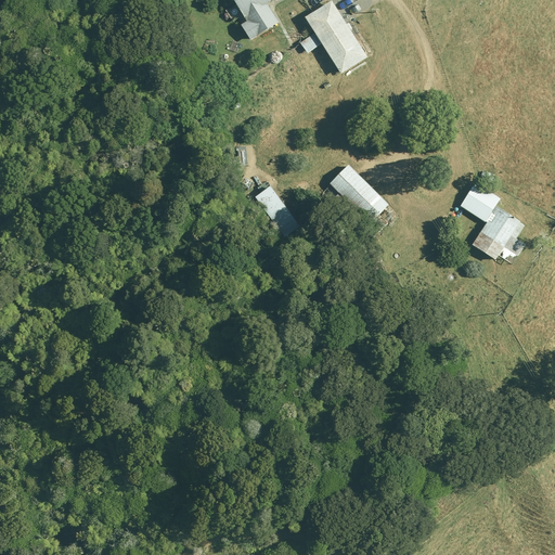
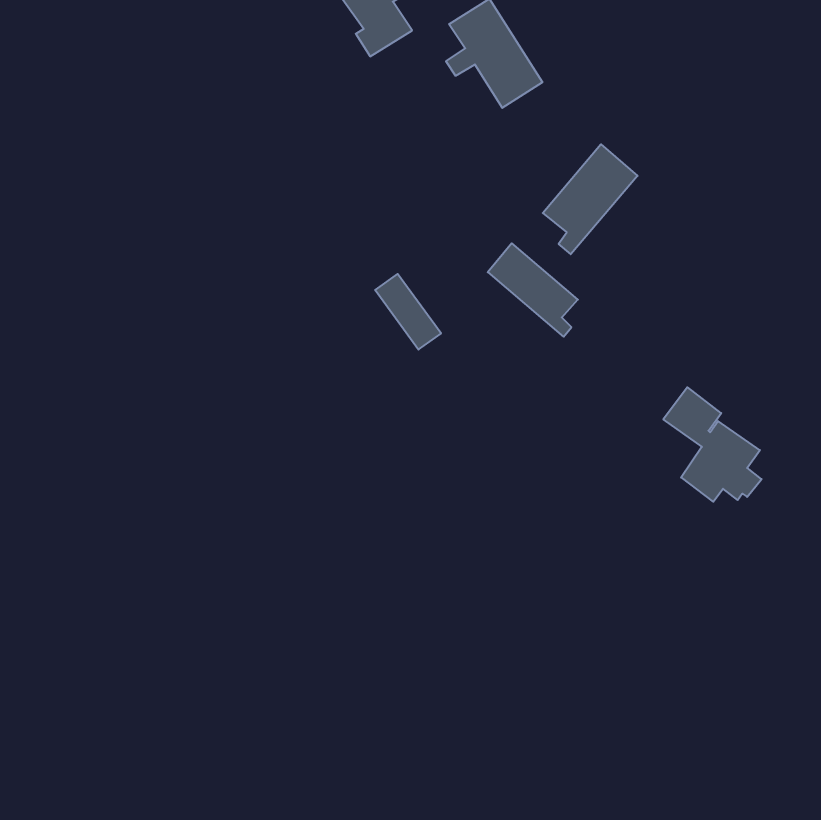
building: none -> [543,144,638,254]
building: [460,182,526,259] -> [663,387,762,502]

